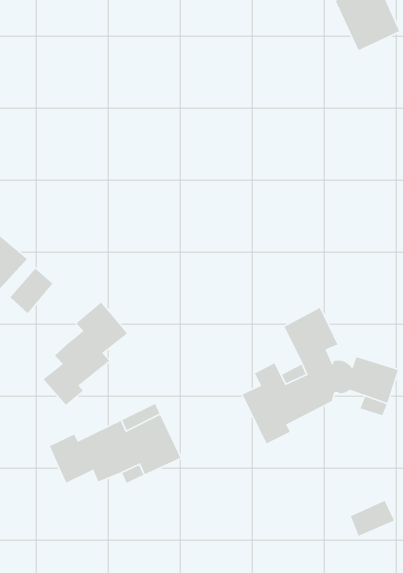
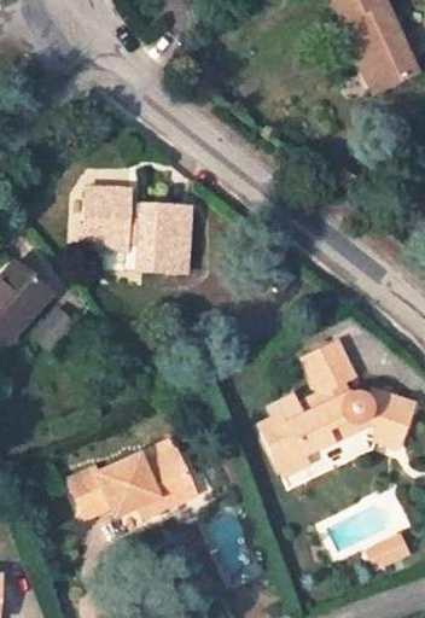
building: none -> [85,188,188,270]
building: [42,302,128,406] -> none

